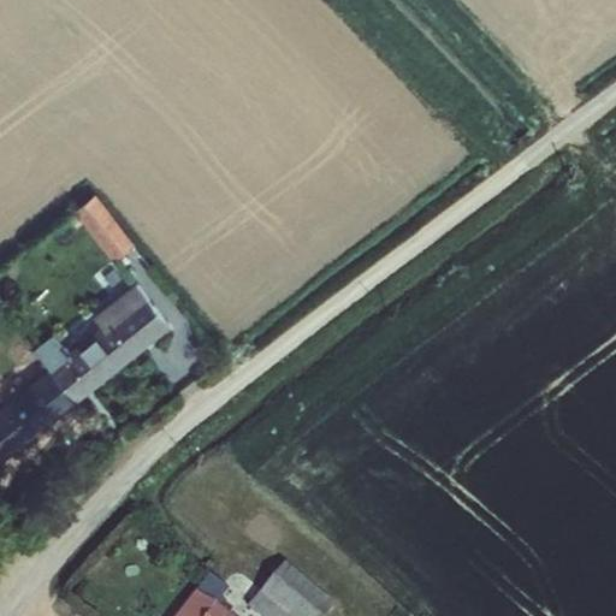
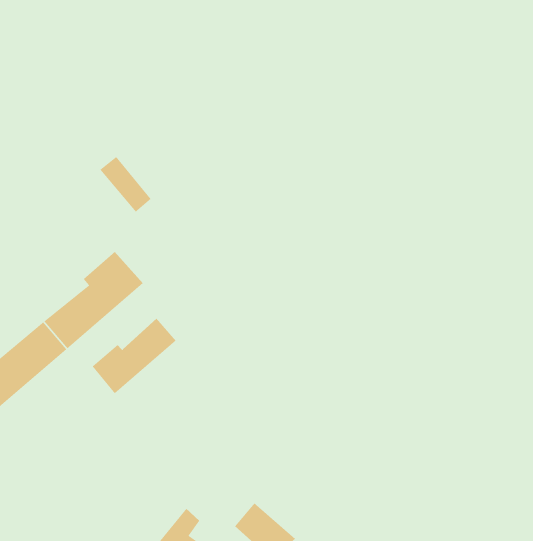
building: [79,203,138,267] -> [99,156,151,213]
building: none -> [92,318,176,394]

